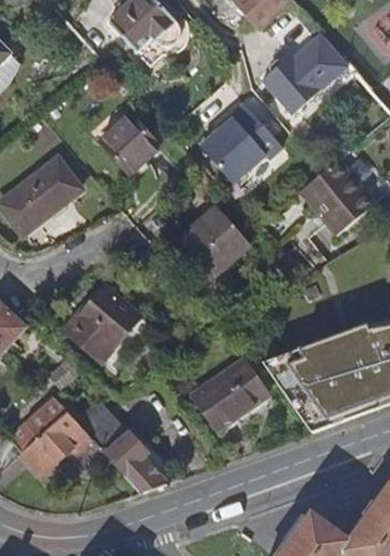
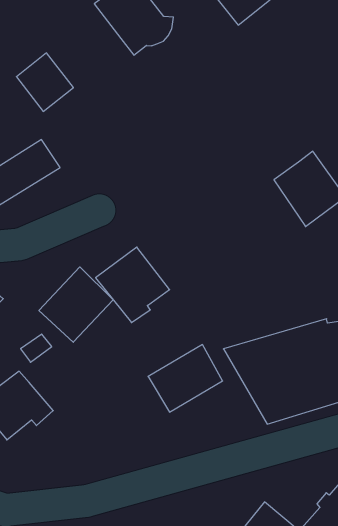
building: [259,35,345,113] -> none
building: [198,100,280,180] -> none
building: [102,111,161,170] -> [16,53,73,111]
building: [175,201,251,278] -> [96,247,170,323]
building: [64,388,168,491] -> none

